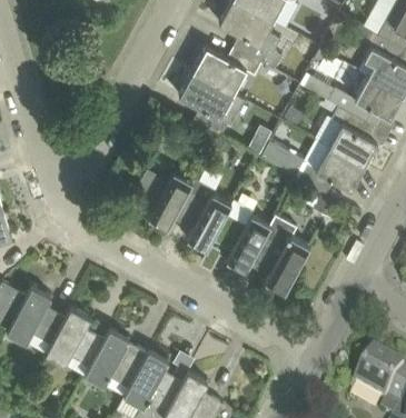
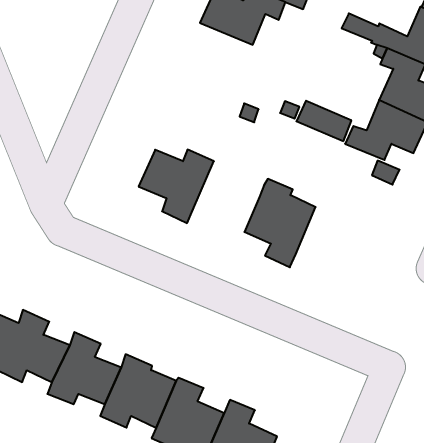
building: [177,69,242,132] -> none
building: [171,175,229,247] -> none
building: [249,212,308,289] -> none

